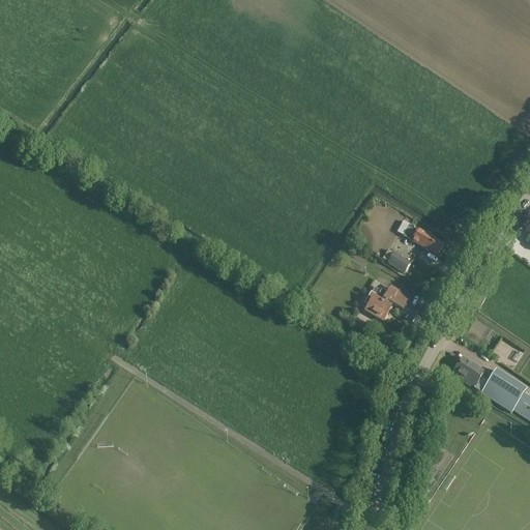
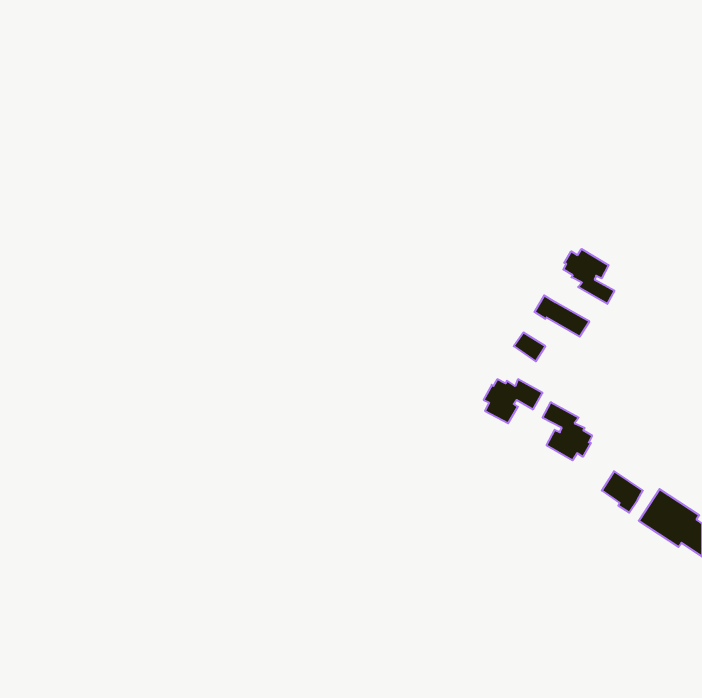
building: none -> [563,249,614,304]
building: none -> [543,402,592,460]

